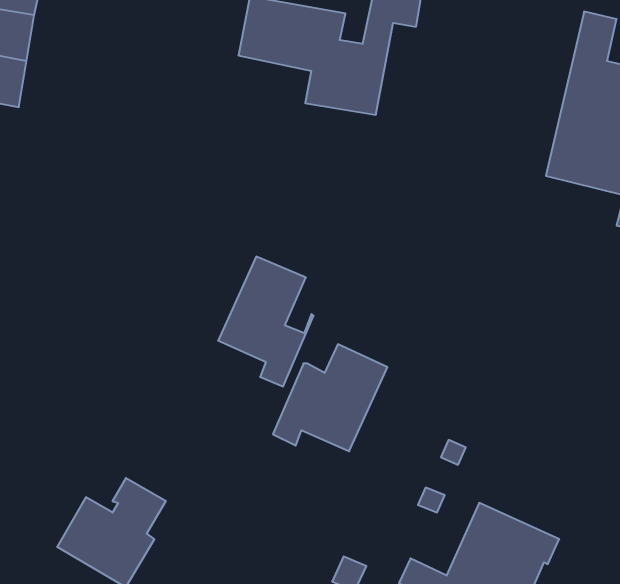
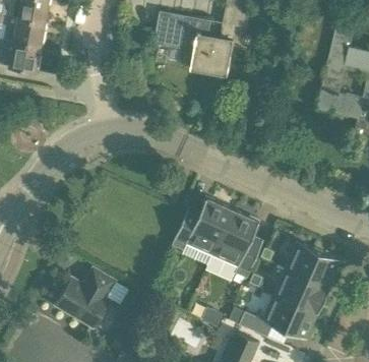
building: [218,257,314,387] -> [212,209,263,279]
building: none -> [282,241,342,301]

